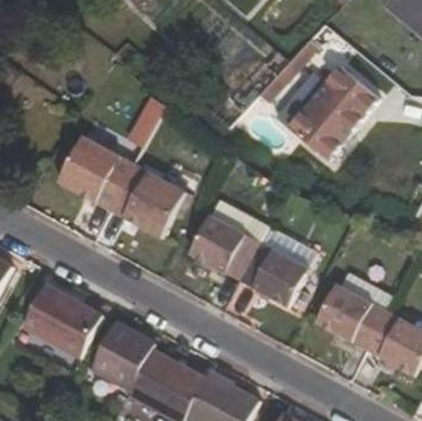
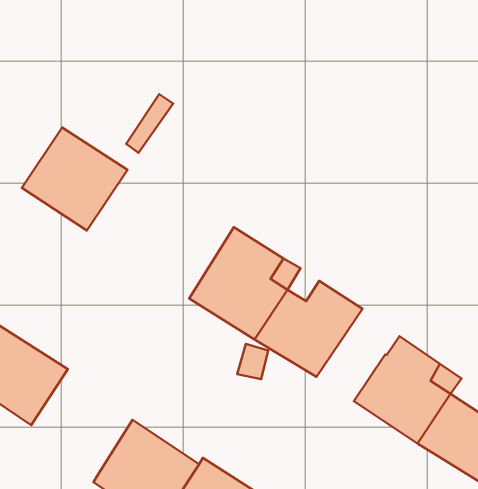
building: [288,65,379,158] -> none
building: [107,163,184,238] -> none
building: [89,322,154,391] -> none

